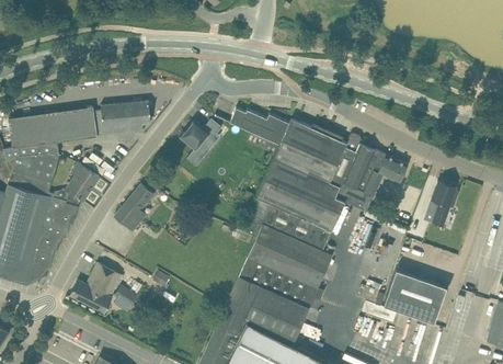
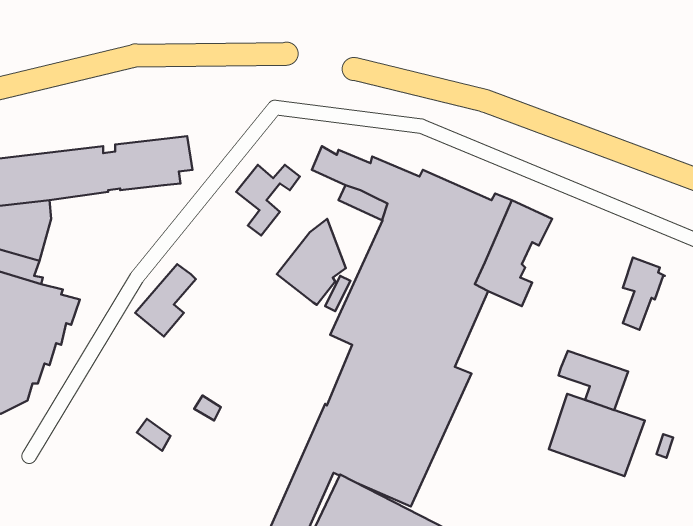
building: [365,156,408,198] -> none
building: none -> [277,219,346,305]
building: [67,163,100,202] -> none
building: none -> [559,351,628,410]
building: [69,263,122,315] -> none

